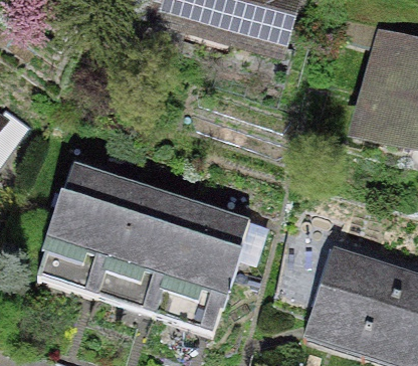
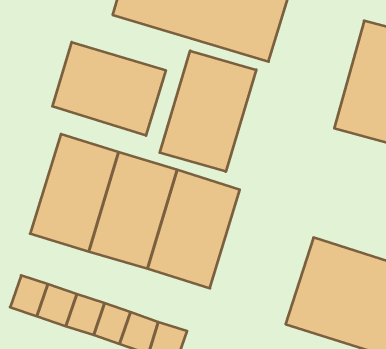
building: none -> [52,42,166,136]
building: none -> [160,51,256,172]

